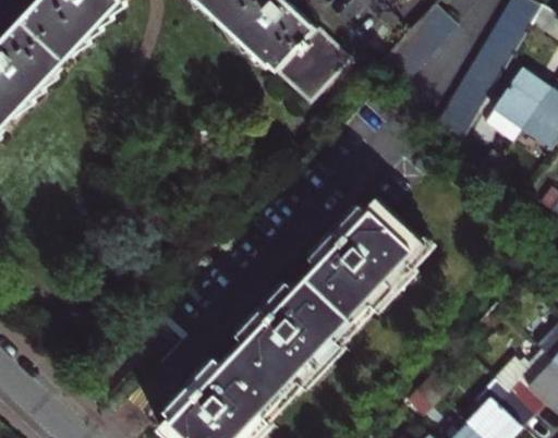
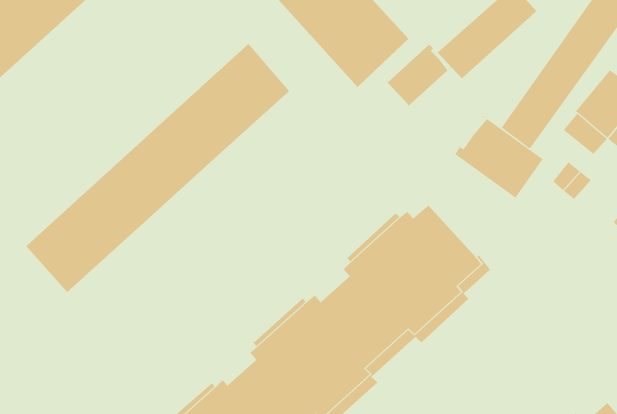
building: none -> [387,44,451,106]
building: none -> [26,43,290,293]
building: none -> [454,115,544,198]

